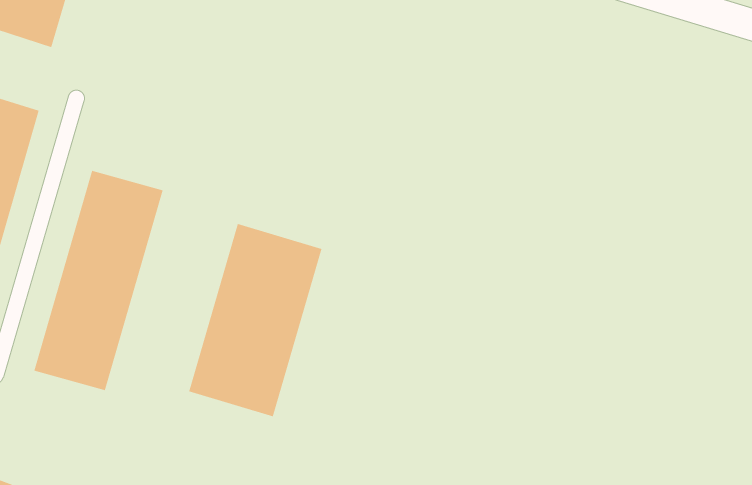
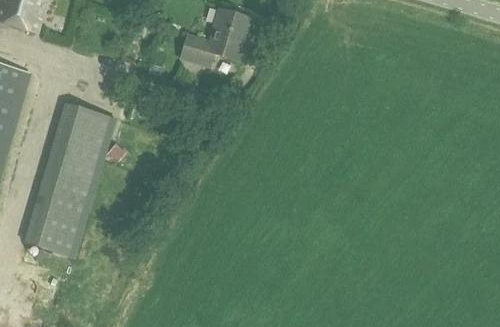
building: none -> [181,9,250,65]
building: [188,223,322,417] -> none

